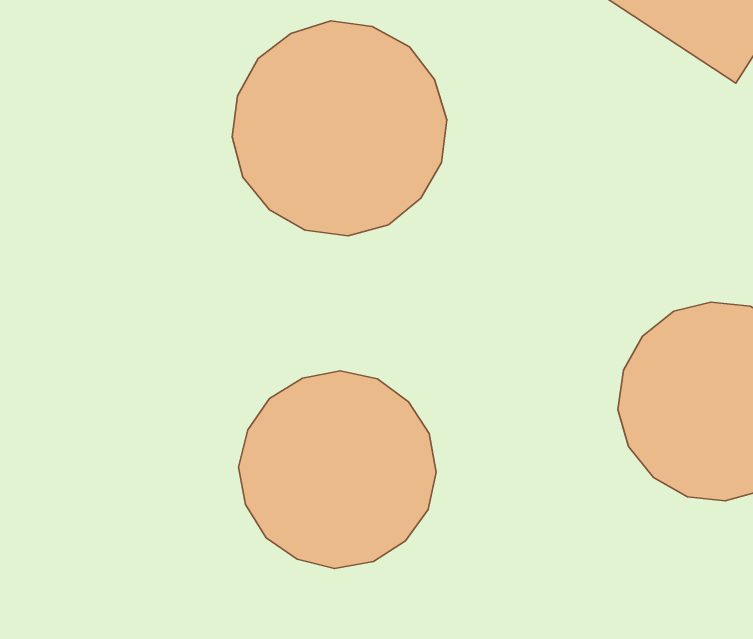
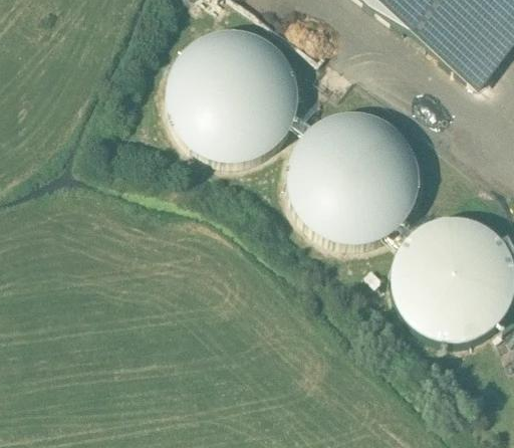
building: none -> [295,118,421,244]
building: [239,371,436,568] -> none

